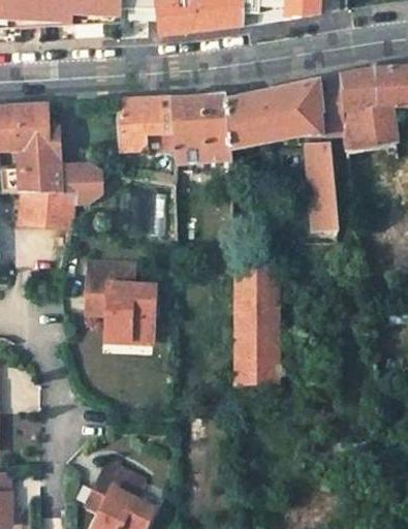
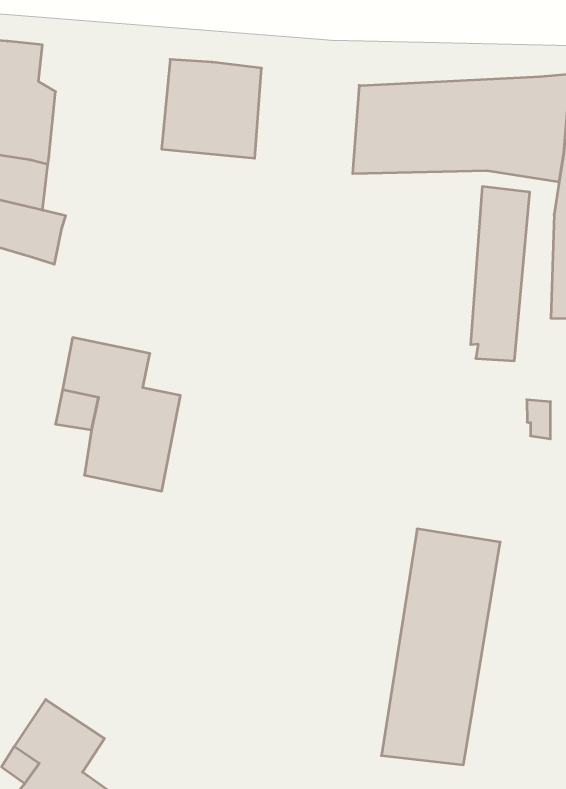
building: [169,93,230,164] -> none
building: [59,164,101,204] -> none
building: [233,256,281,385] -> [381,529,500,765]

